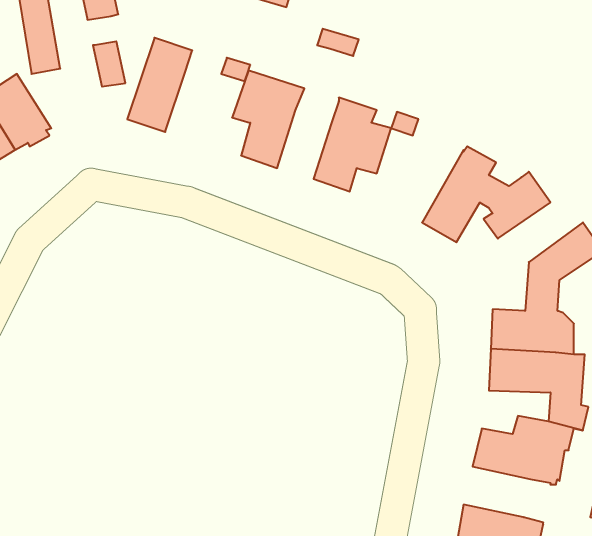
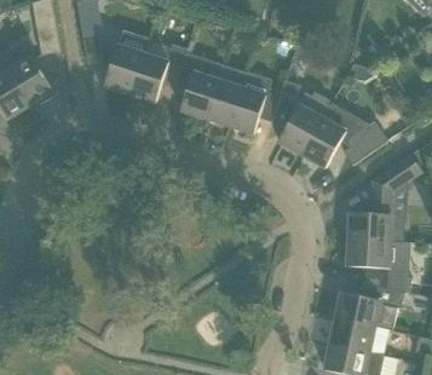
building: none -> [129,53,168,102]
building: none -> [205,64,246,125]
building: none -> [278,92,329,154]
building: none -> [329,317,374,351]

